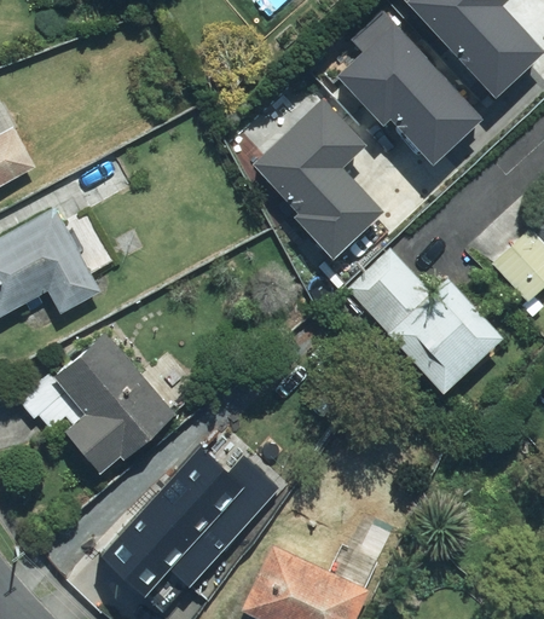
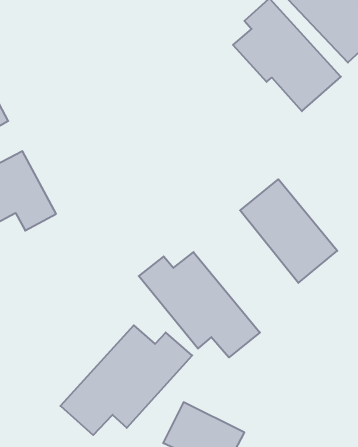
building: [254,96,386,253] -> none
building: [54,339,176,479] -> none
building: none -> [139,252,260,357]

